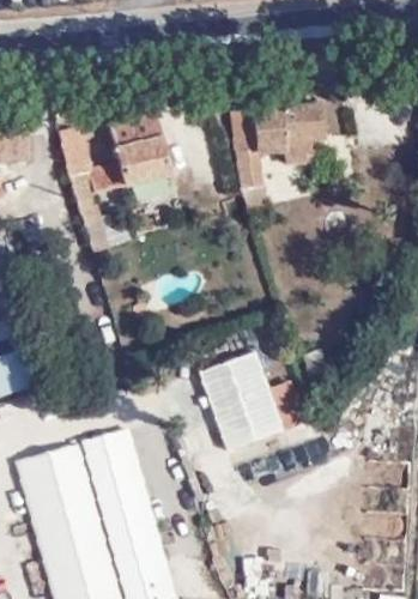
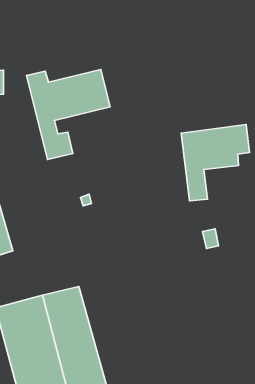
building: [231,102,328,210] -> [181,125,250,201]
building: [199,350,285,449] -> none

